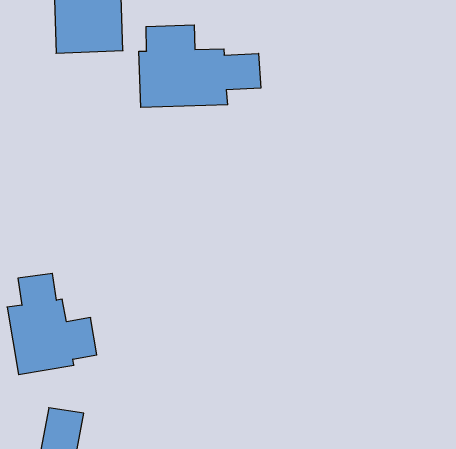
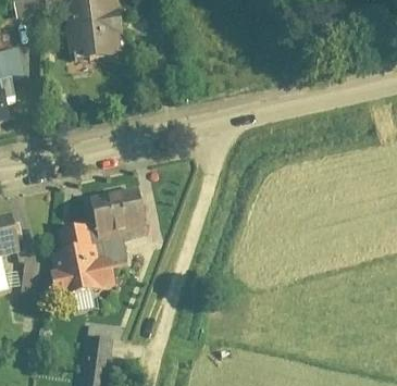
building: [139,25,261,107] -> none
building: none -> [91,184,149,236]

